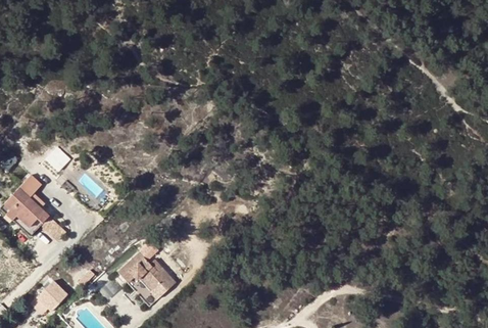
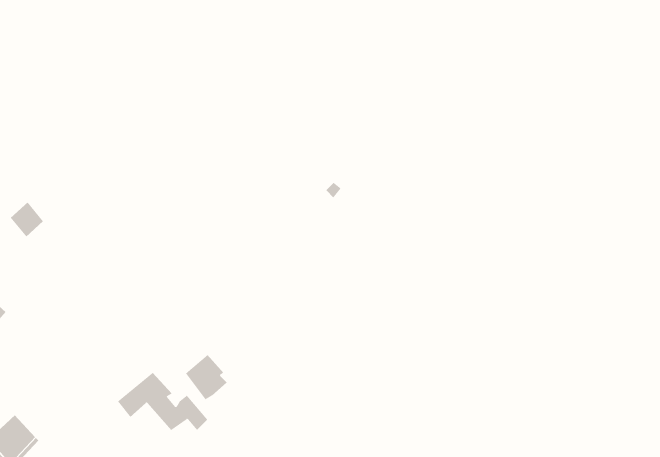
building: none -> [185,354,228,400]

